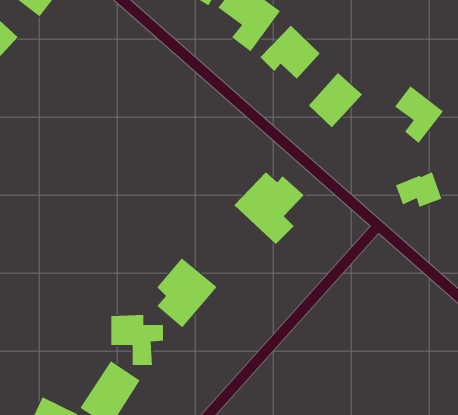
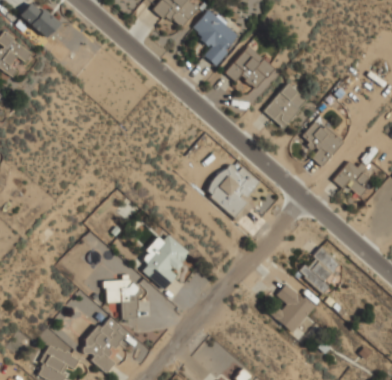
building: [394,85,444,144] -> [303,120,343,167]
building: none -> [299,246,344,292]
building: none -> [272,282,316,333]

